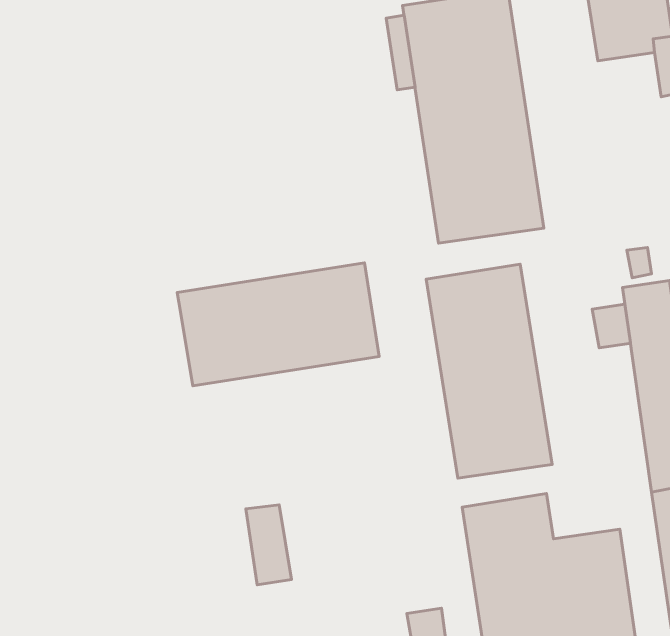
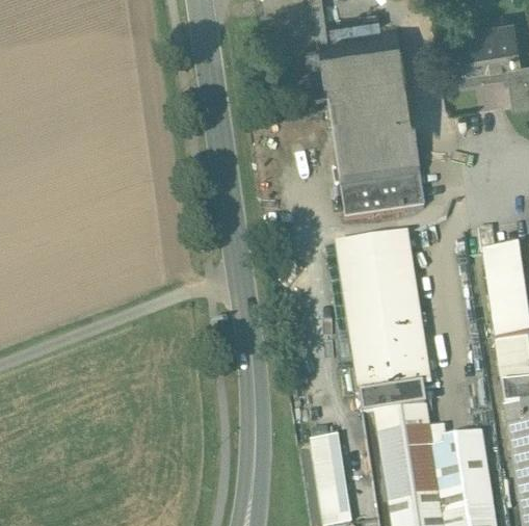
building: [177,263,379,386] -> none
building: [592,304,630,348] -> none
building: none -> [360,383,426,414]
building: [246,505,292,585] -> [313,433,347,494]

